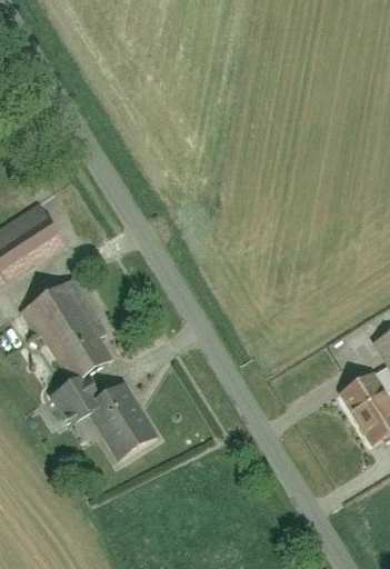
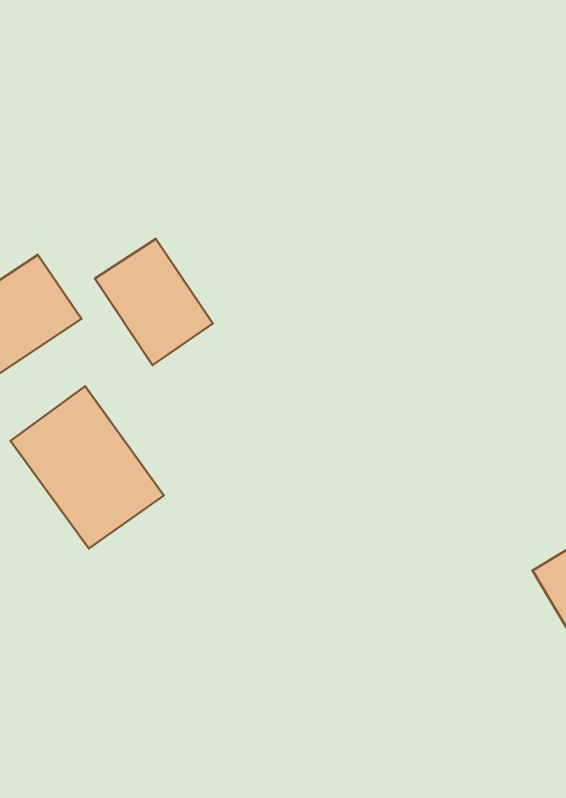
building: none -> [95,239,213,365]
building: [56,372,163,463] -> none

